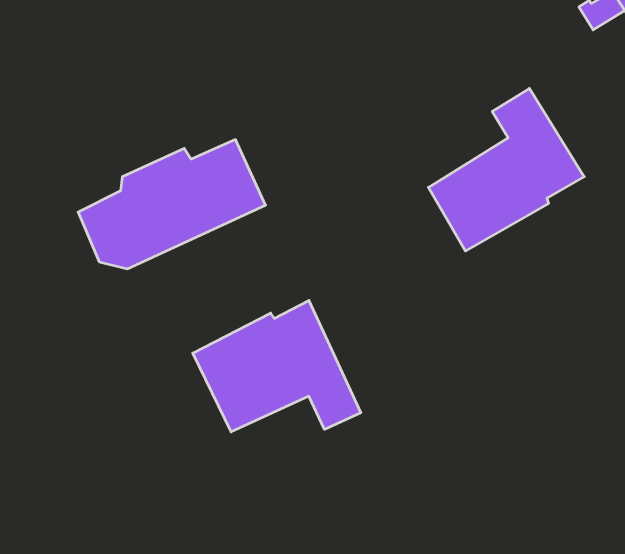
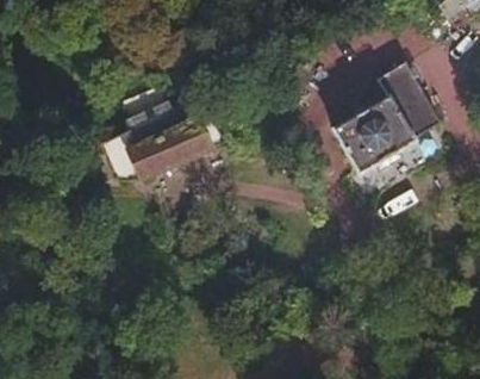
building: [193,300,361,432] -> none

